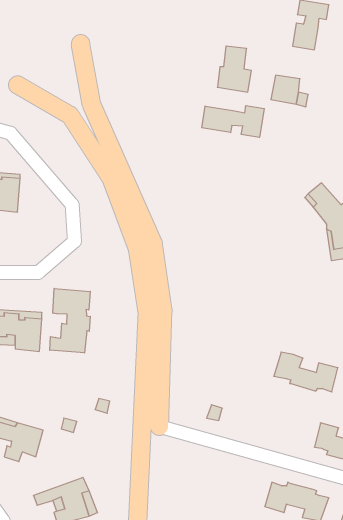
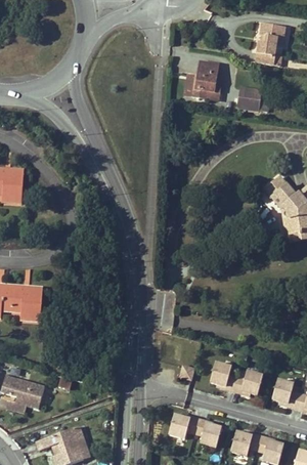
building: [202,106,264,137] -> none
building: [50,288,90,353] -> none
building: [274,352,338,392] -> [208,363,262,396]
building: none -> [169,414,221,447]

